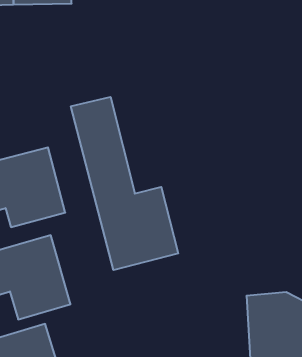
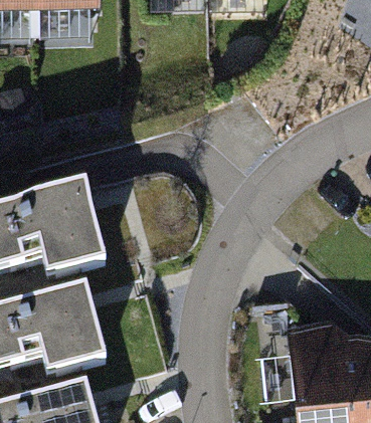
building: [71,97,178,270] -> none

